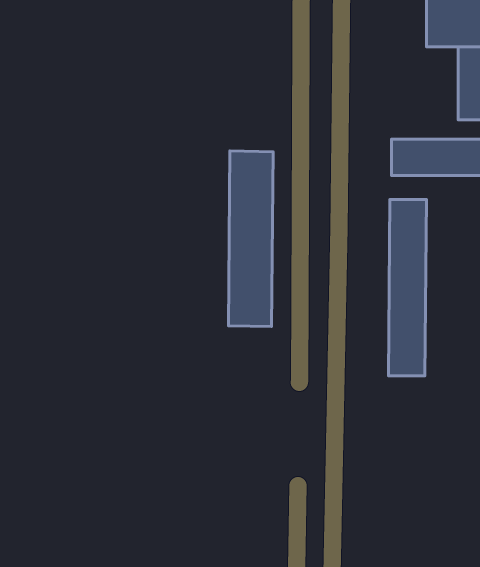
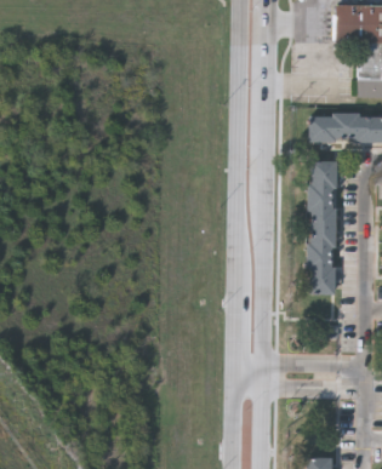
building: [228,151,273,327] -> none

